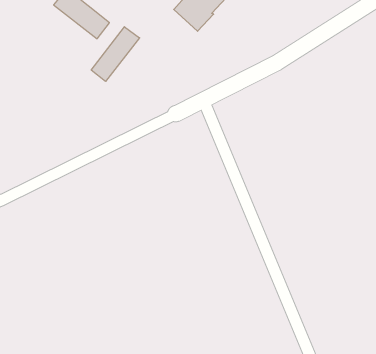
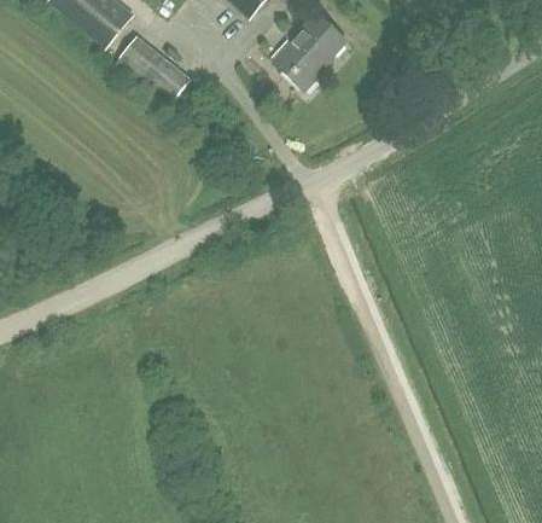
building: [91,27,140,81] -> none

